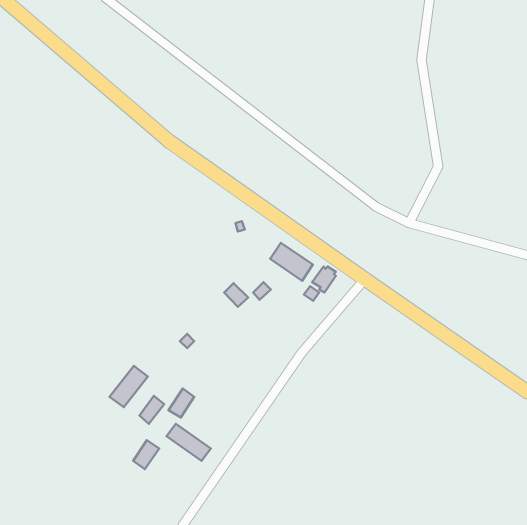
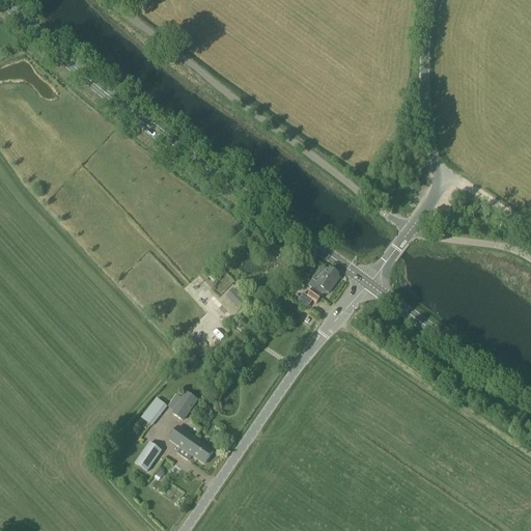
building: [270,243,313,281] -> none
building: [110,366,148,407] -> none

